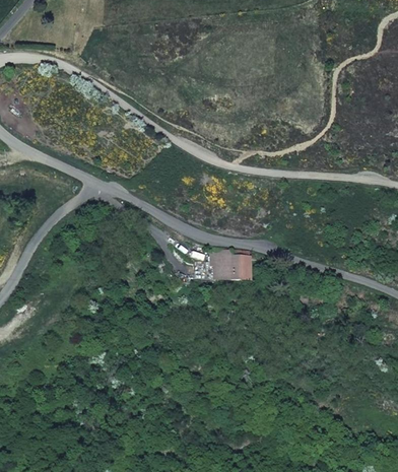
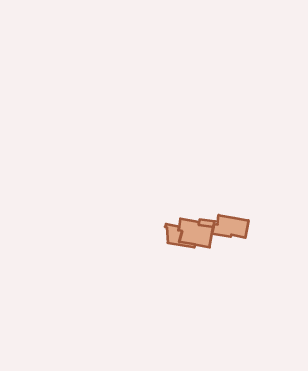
building: none -> [212,215,248,238]

